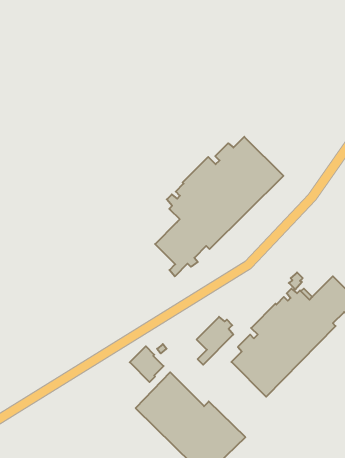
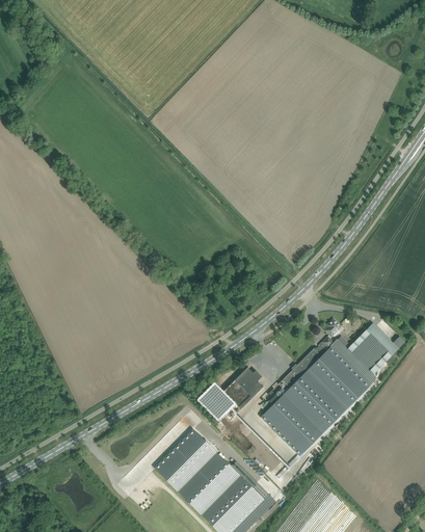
building: [155,137,283,276] -> none
building: [130,346,164,382] -> [196,383,234,423]

